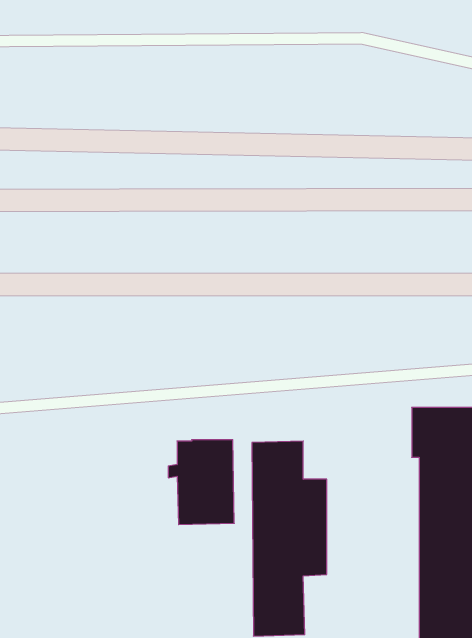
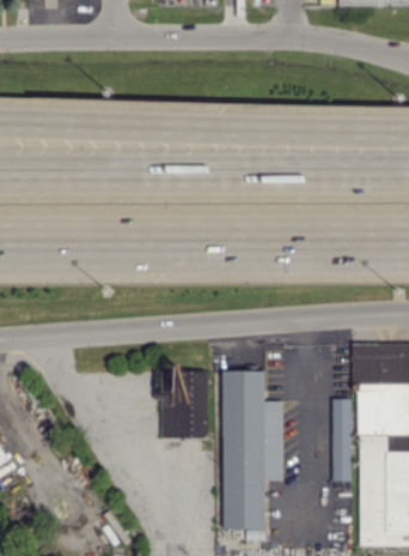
building: none -> [332,399,353,483]

